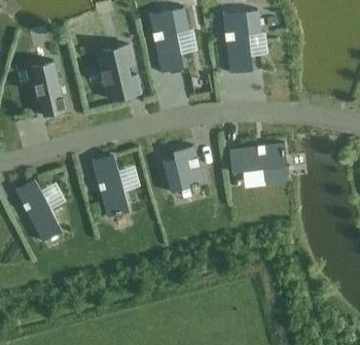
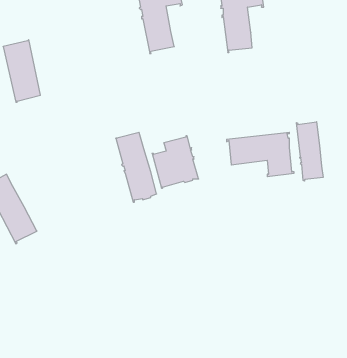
building: [99,45,141,100] -> none
building: none -> [296,122,323,181]
building: [93,156,129,217] -> [116,132,157,202]

